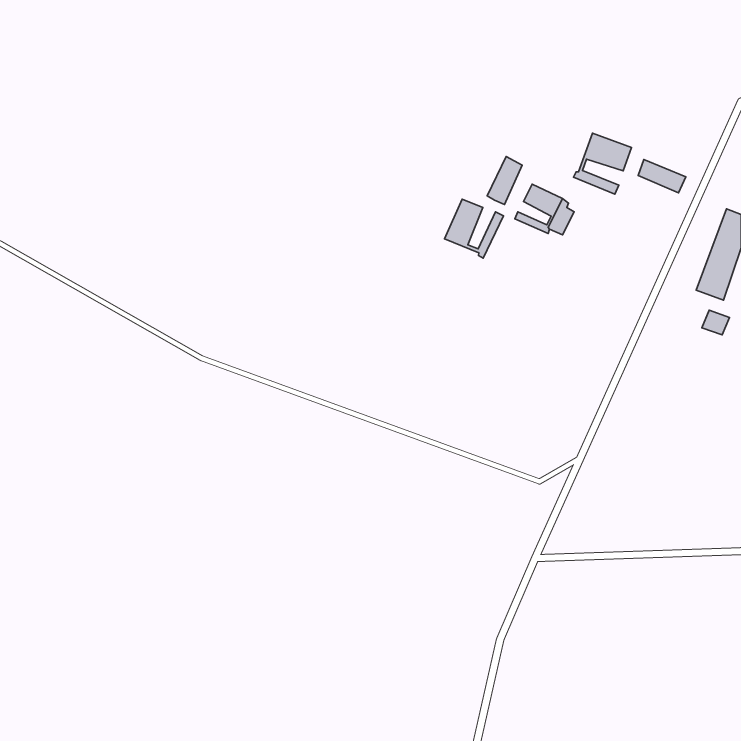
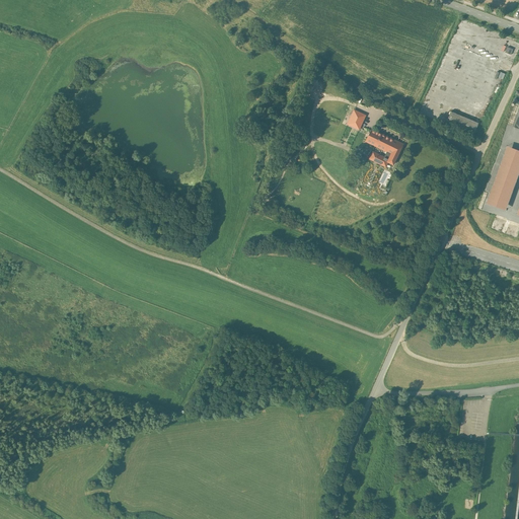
building: [573,133,631,194] -> none
building: [444,199,503,258] -> none

